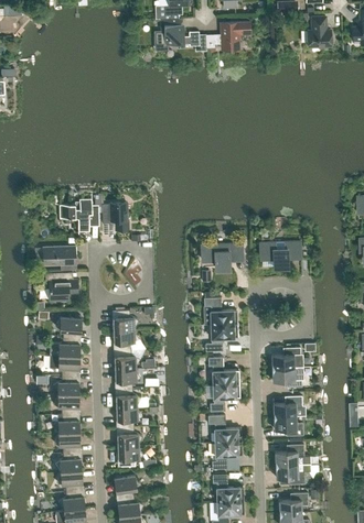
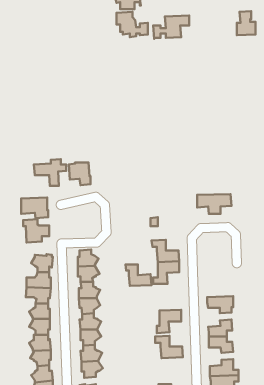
building: [201,243,243,268] -> none
building: [271,347,303,368] -> none
building: [207,358,239,384] -> [125,264,151,286]
building: [212,442,242,469] -> none

